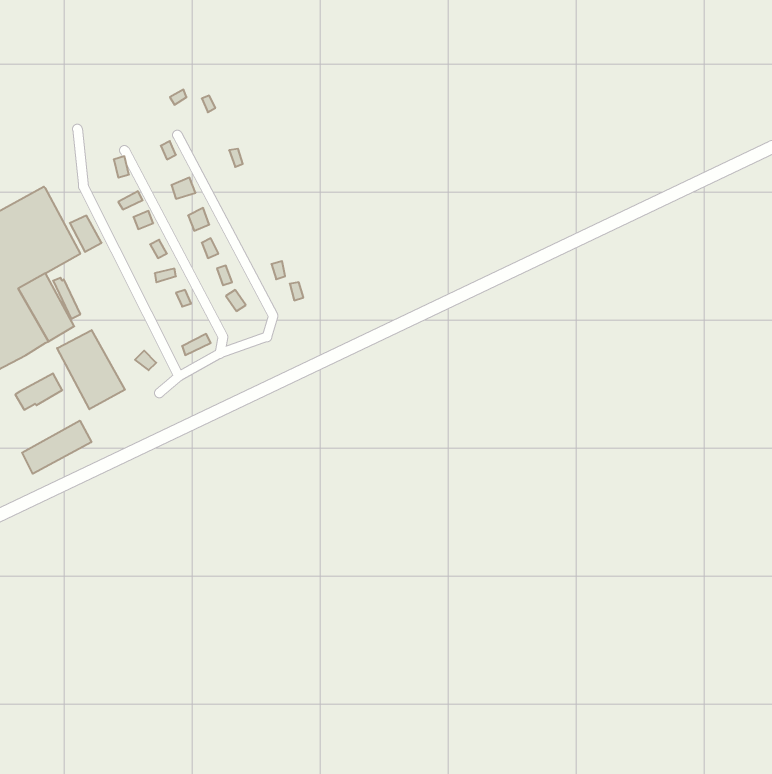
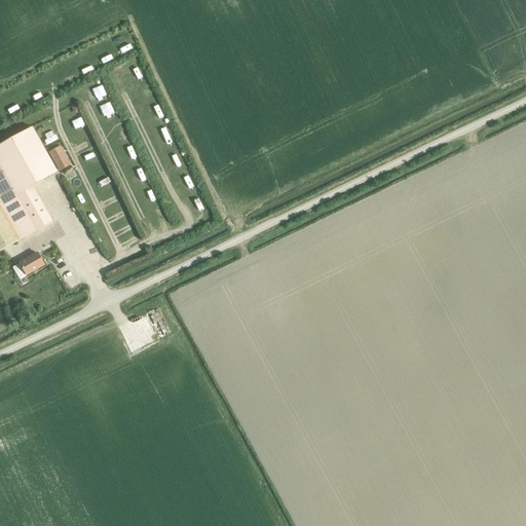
building: [57,330,125,409] -> none
building: [22,421,91,474] -> none

